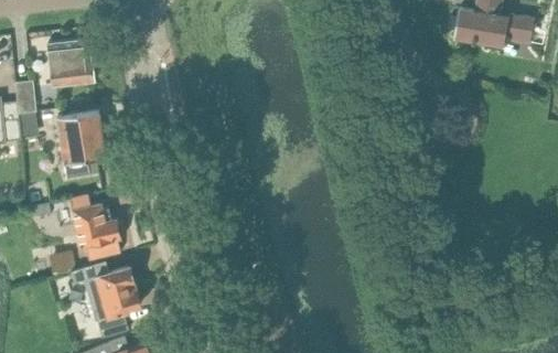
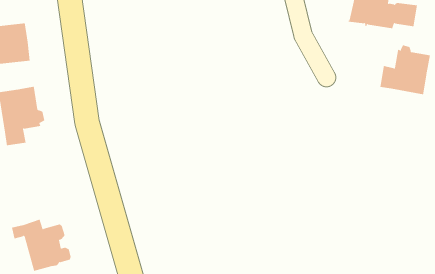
building: none -> [380,45,430,95]
building: [68,195,121,249] -> none

